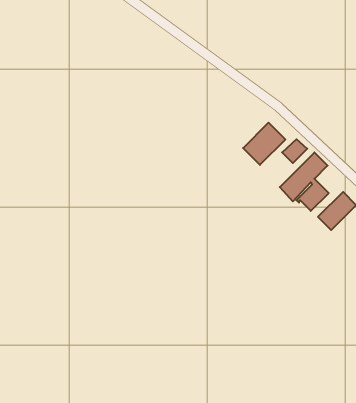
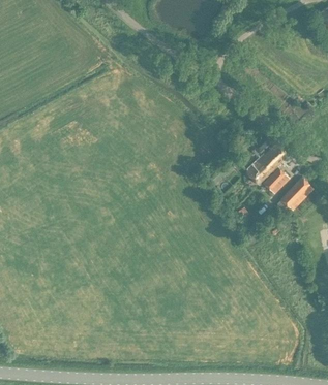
building: [243,123,285,165] -> none

